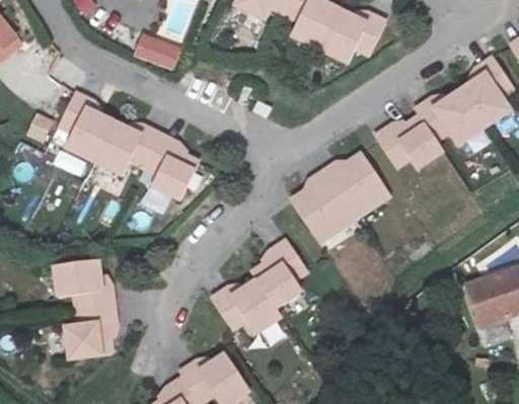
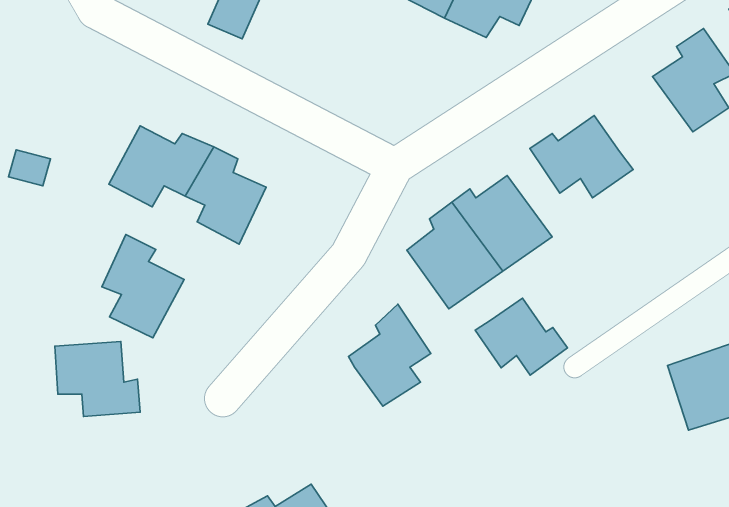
building: [415,86,486,142] -> none
building: [56,89,112,159] -> [102,234,184,338]
building: none -> [475,298,568,375]
building: [212,282,282,336] -> none
building: [62,313,113,365] -> none

